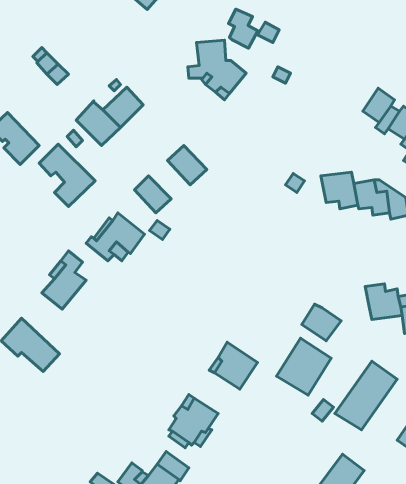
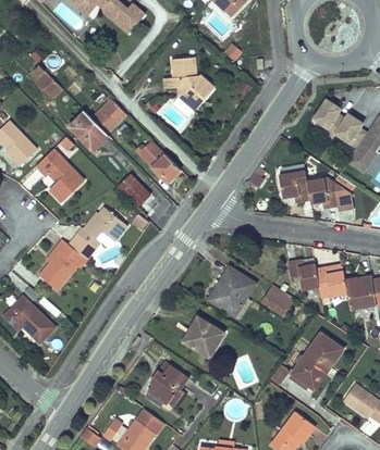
building: [229,9,258,48] -> none
building: none -> [289,260,319,289]
building: [277,338,331,395] -> [208,265,255,314]

